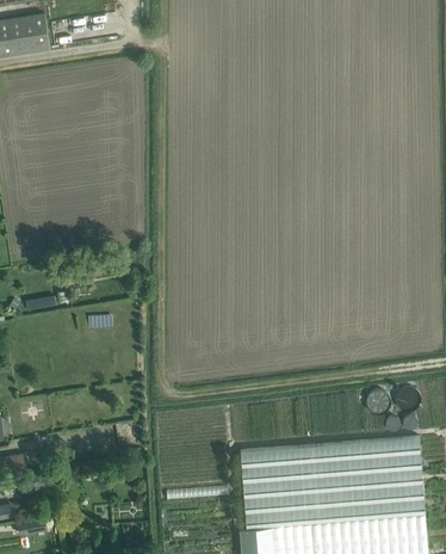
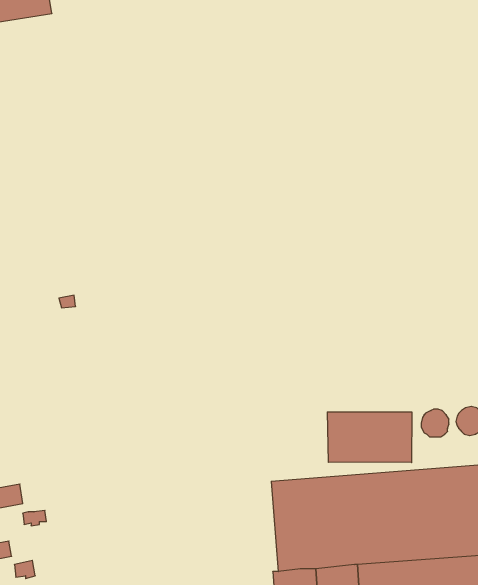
building: none -> [327,412,412,463]

